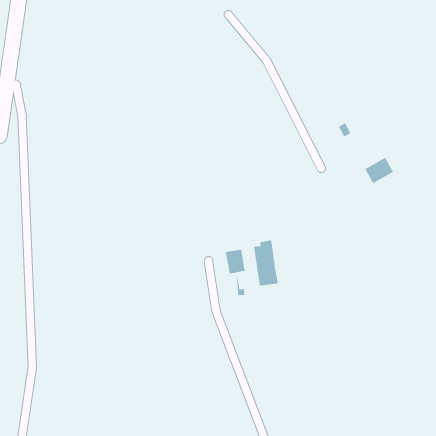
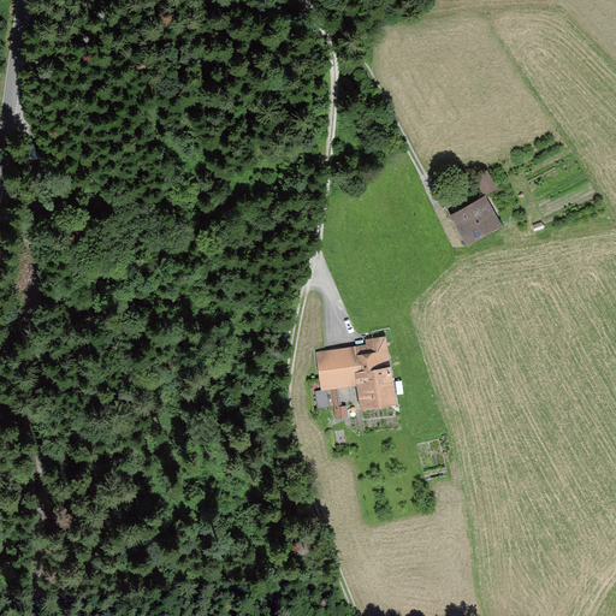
building: [364,157,394,184] -> [454,202,496,241]

